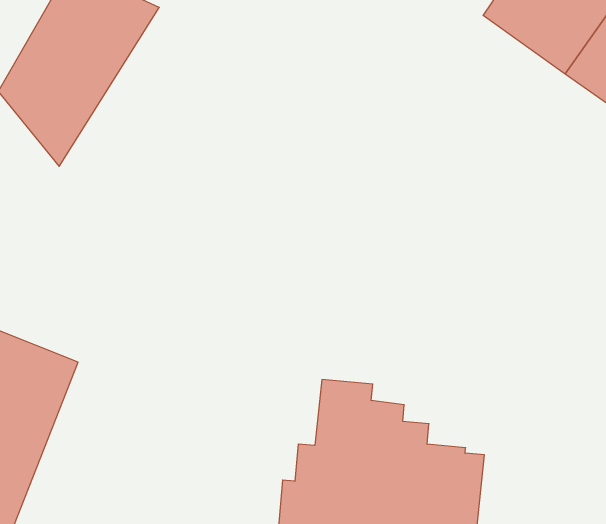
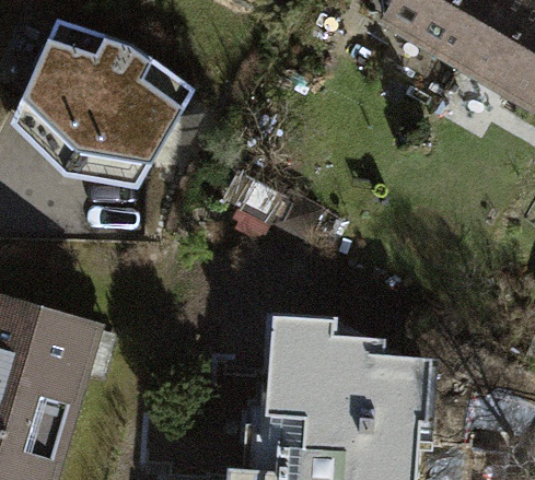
building: none -> [63,42,198,189]

